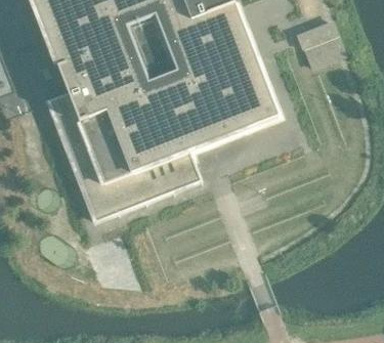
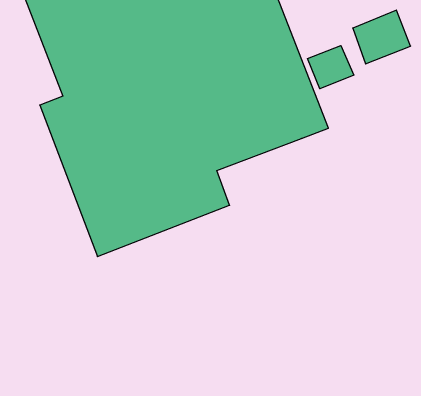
building: none -> [307,46,354,89]

